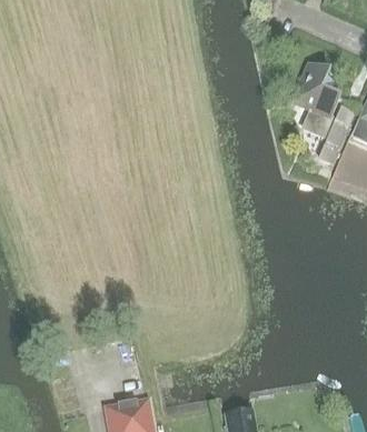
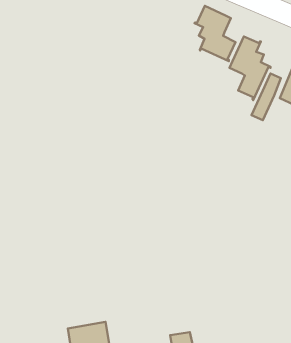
building: none -> [194,6,236,61]

